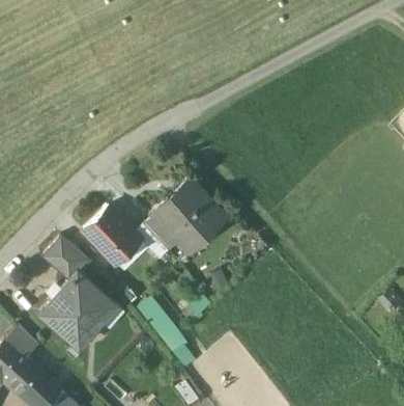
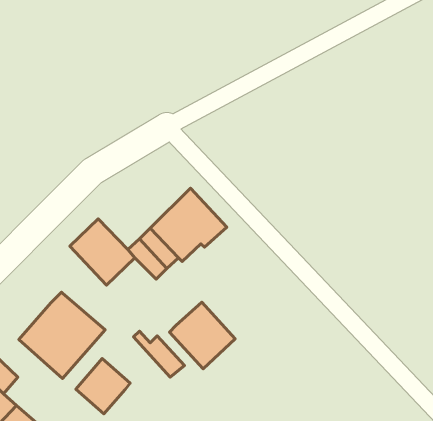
building: [42,236,89,280] -> none
building: none -> [170,302,235,369]
building: none -> [76,358,130,414]

